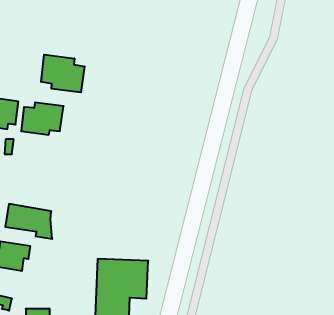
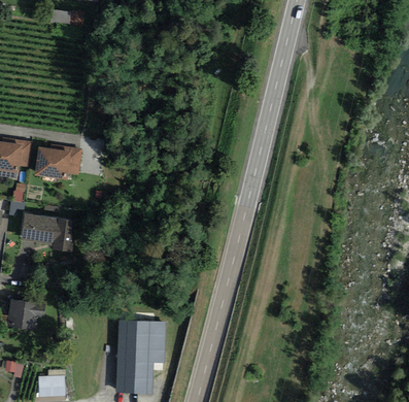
building: [41,55,85,92] -> none
building: [5,204,52,239] -> [20,211,72,250]

